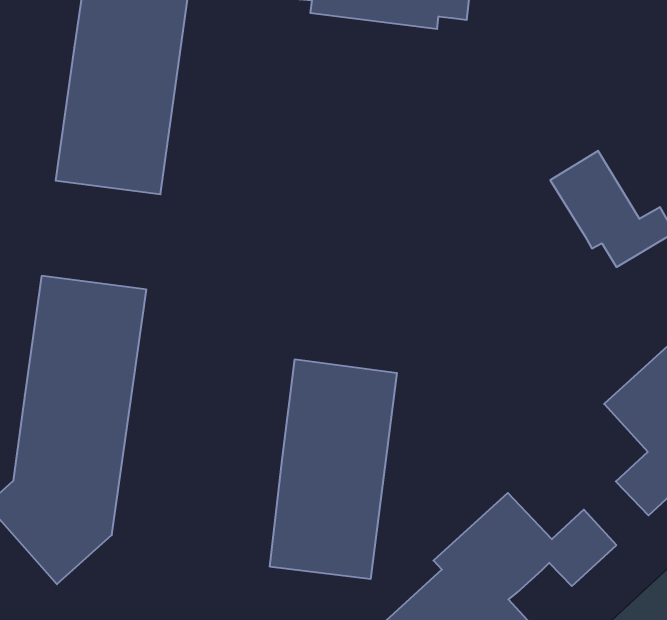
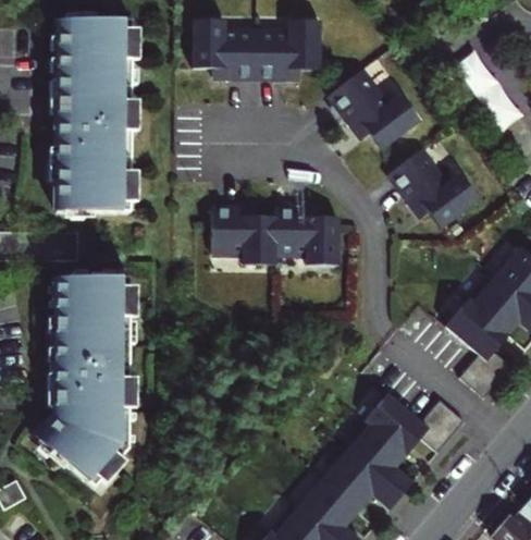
building: none -> [333,72,422,149]
building: none -> [213,208,339,263]
building: [270,359,397,579] -> none

